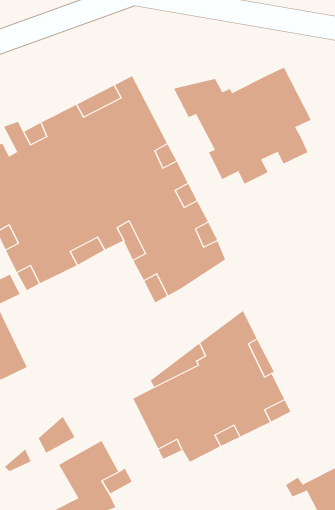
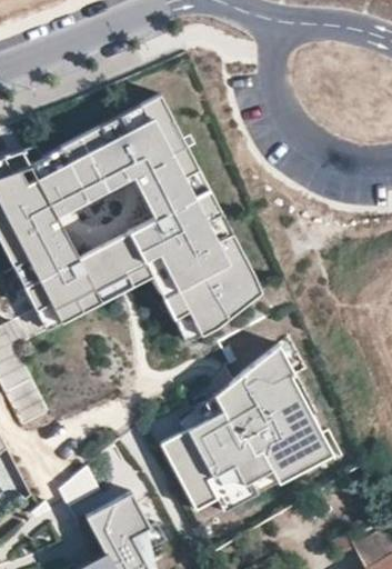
building: [173,67,311,185] -> none

